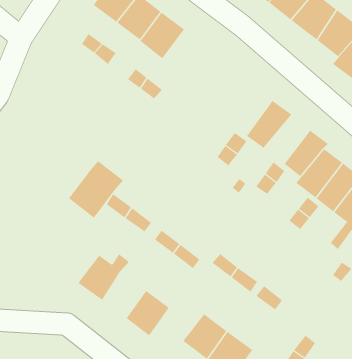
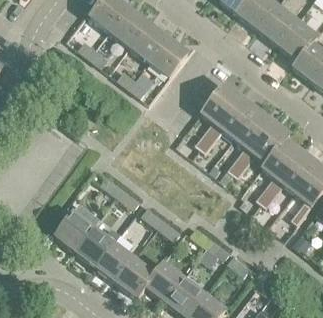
building: none -> [148,37,187,77]
building: none -> [201,83,241,127]
building: none -> [234,109,273,151]
building: [68,161,124,218] -> [54,203,101,252]
building: none -> [97,242,134,282]
building: none -> [145,262,183,301]

